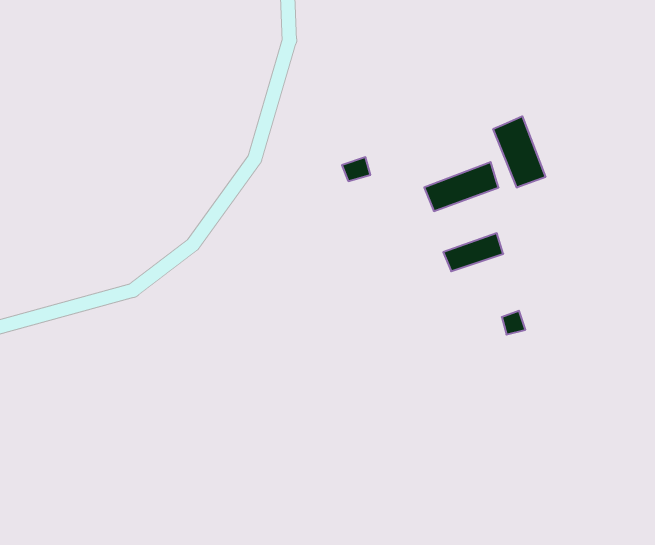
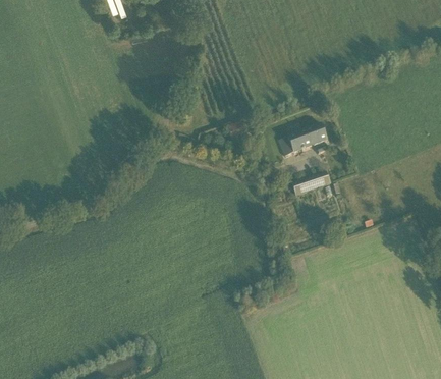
building: [493,116,545,188] -> none

